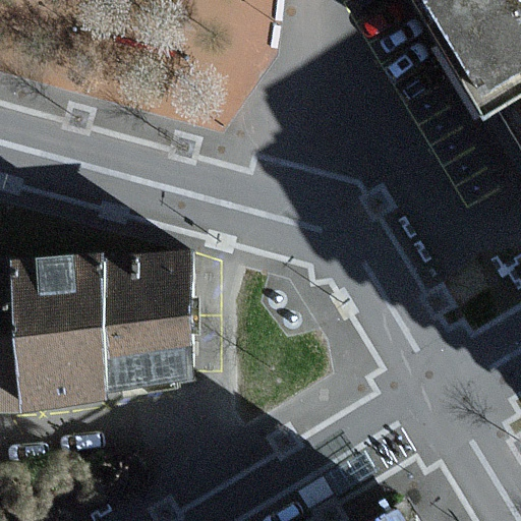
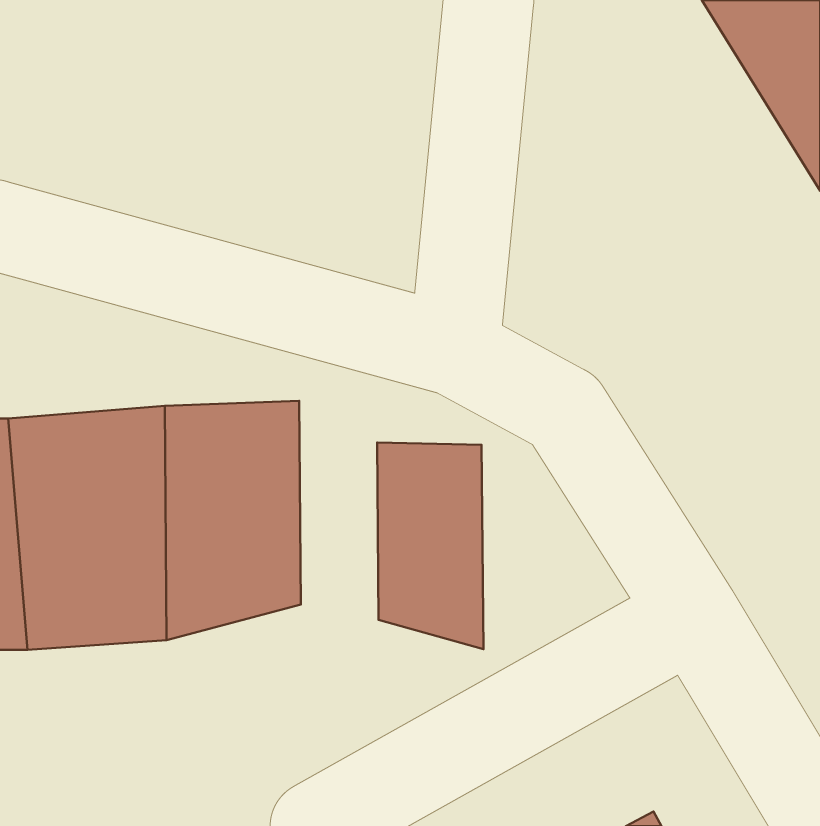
building: none -> [377,443,483,649]

